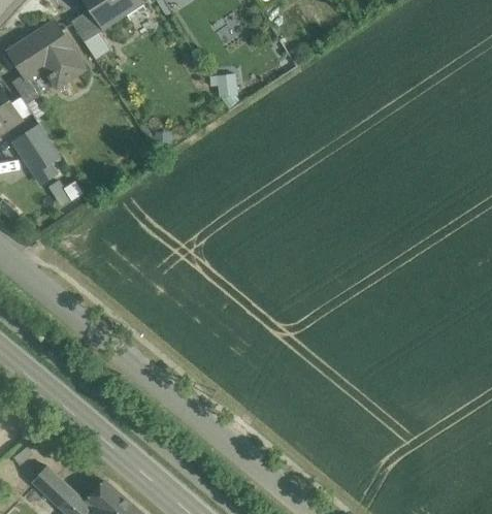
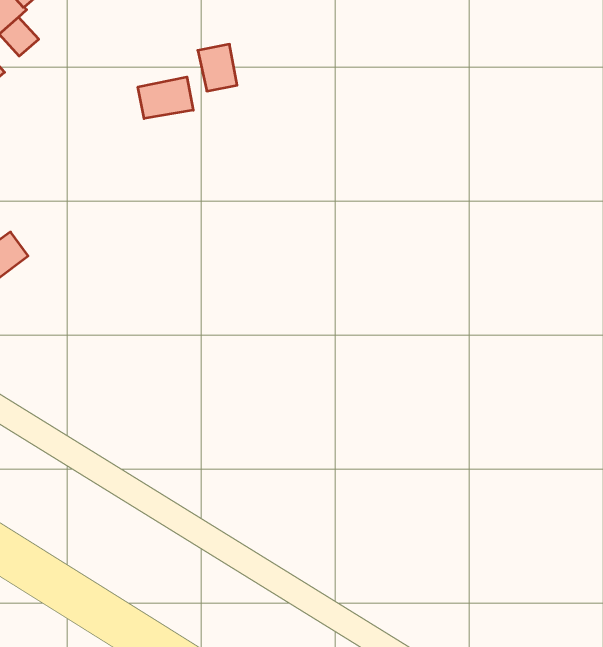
building: none -> [138,77,193,119]

